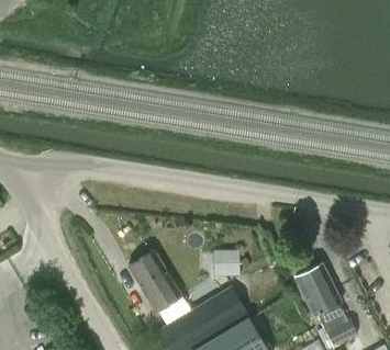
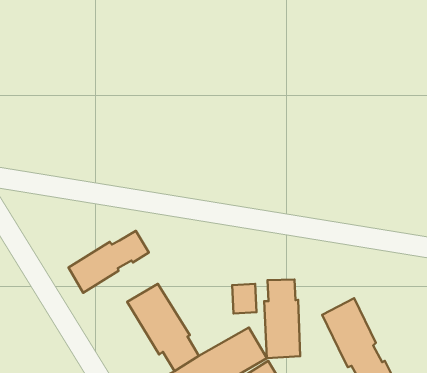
building: none -> [69,231,149,293]
building: none -> [264,280,300,358]

